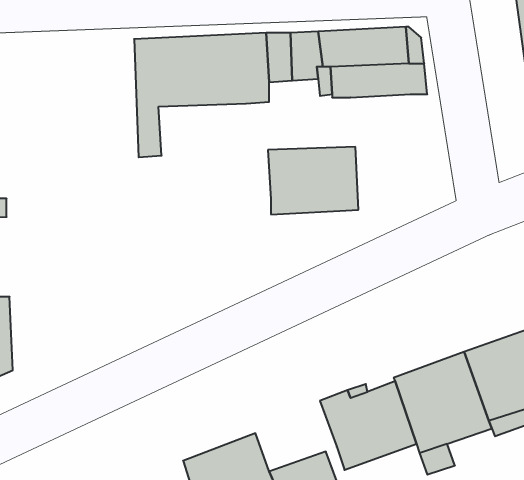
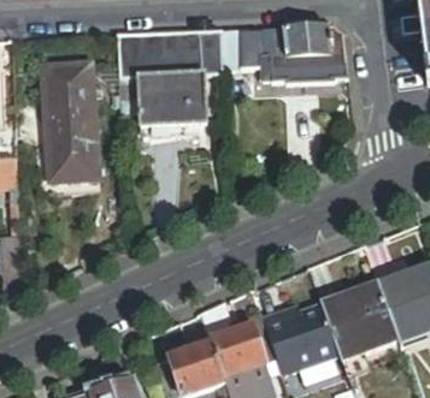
building: none -> [41,63,96,180]
building: [268,147,358,214] -> [136,84,207,137]
building: none -> [200,299,276,373]

